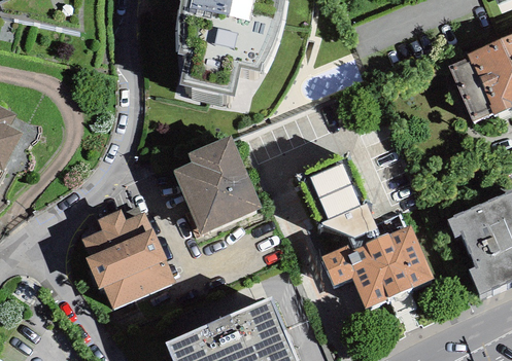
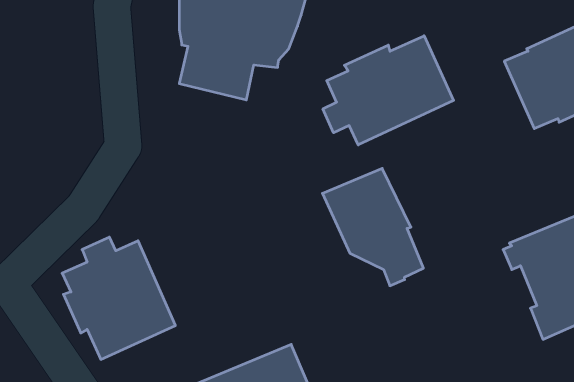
building: none -> [323,36,454,145]
building: [173,136,262,234] -> none
building: [320,226,434,309] -> none

